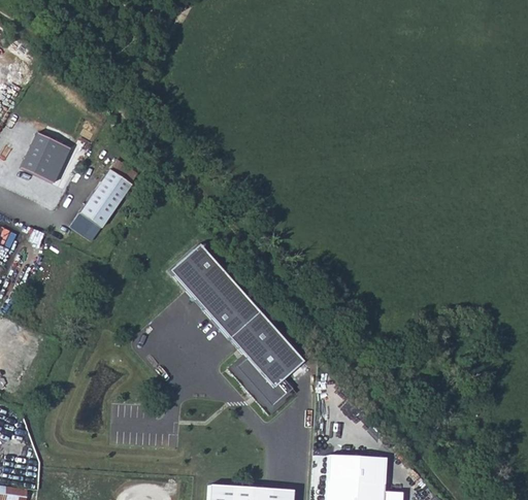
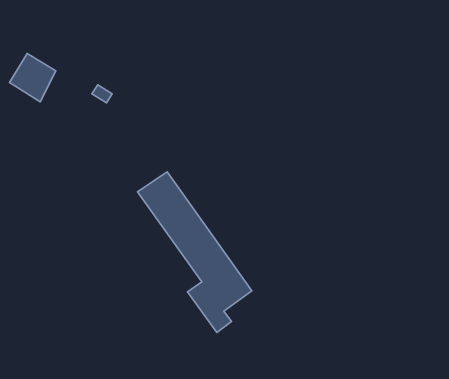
building: [71,169,131,241] -> none

